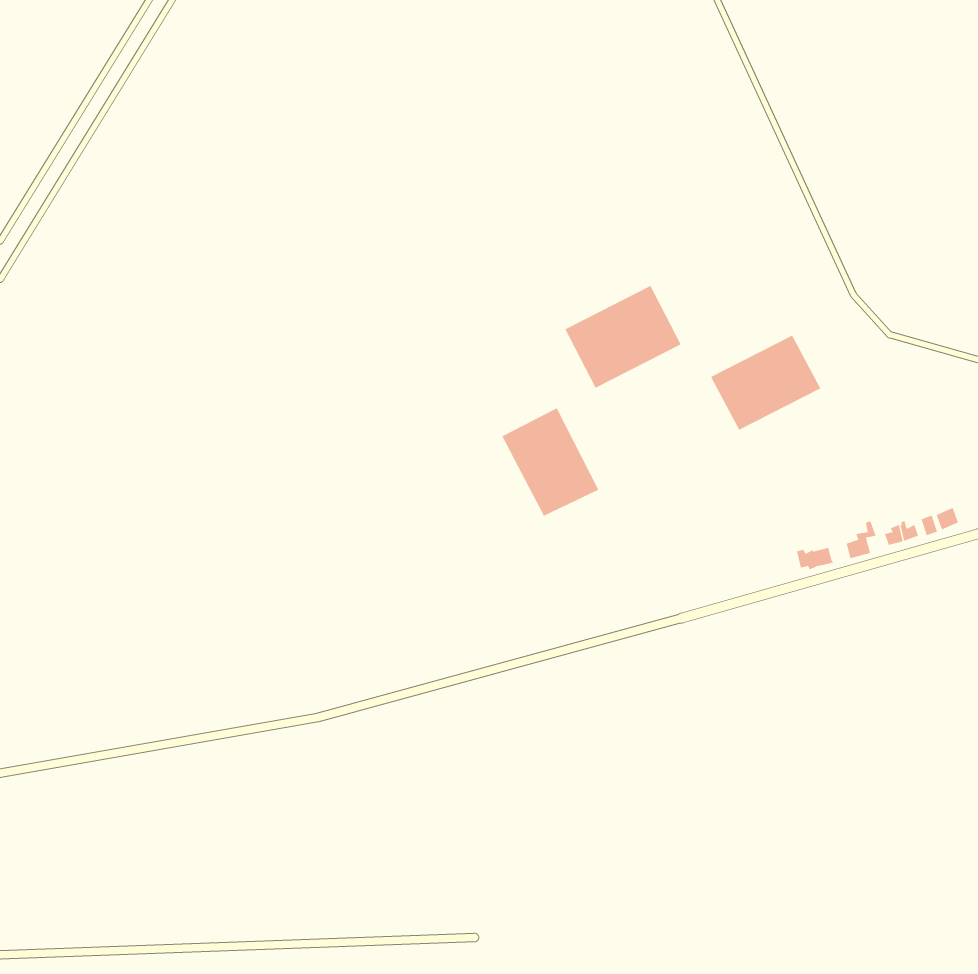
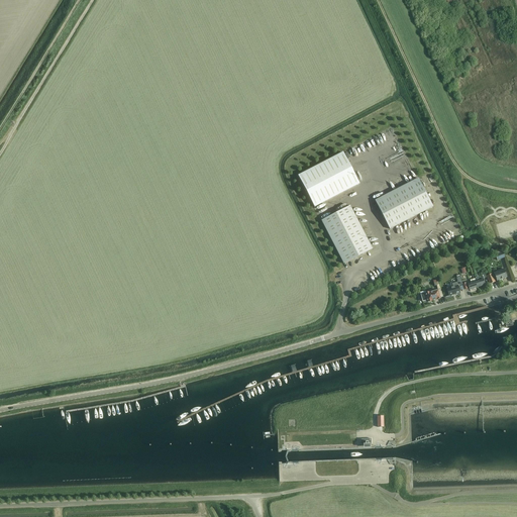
building: [502,407,599,517] -> [321,204,373,262]

